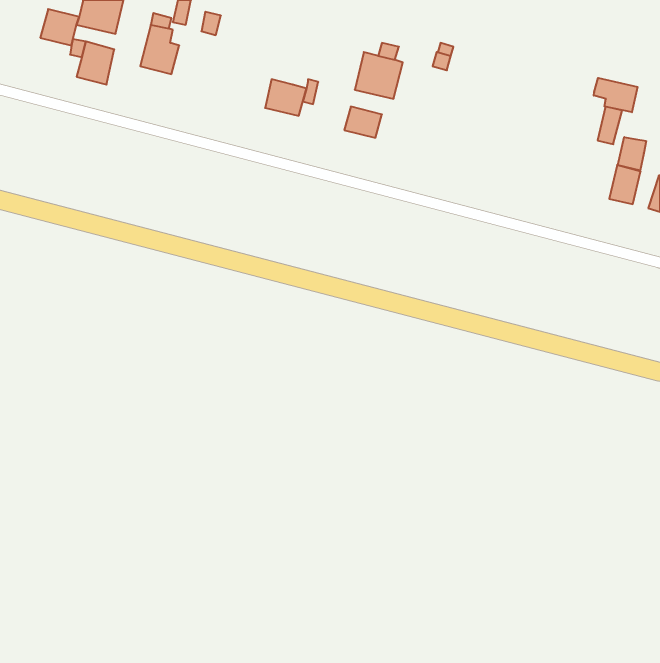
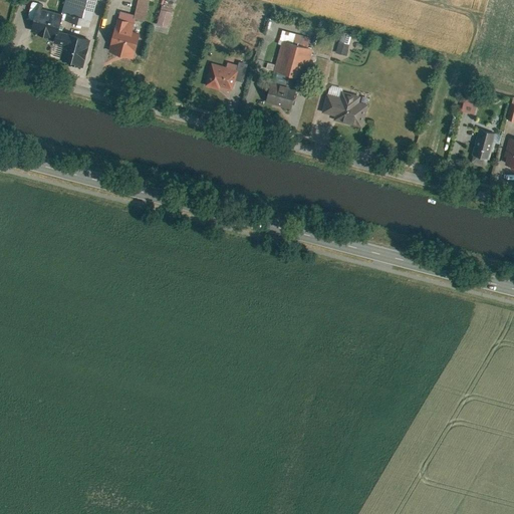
building: [594,78,638,112] -> none
building: none -> [321,91,366,126]
building: [618,137,646,171] -> none

